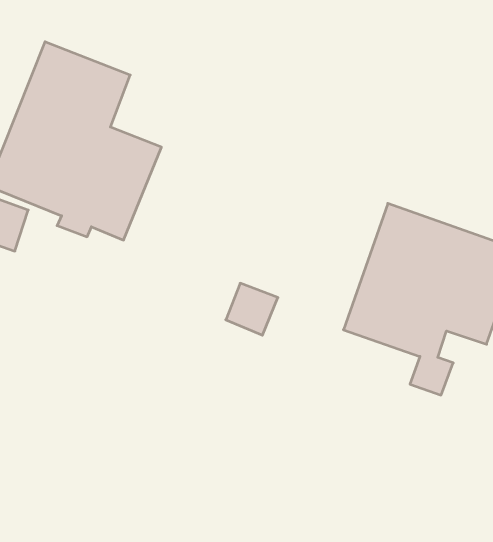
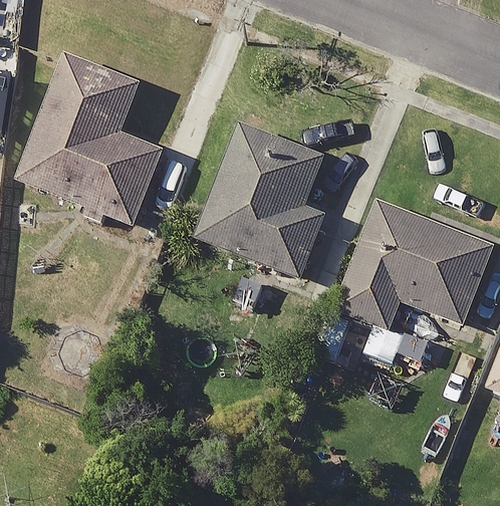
building: none -> [194,122,324,278]

